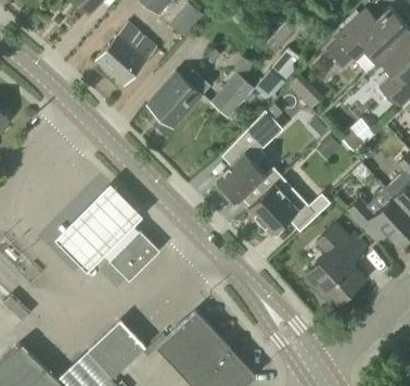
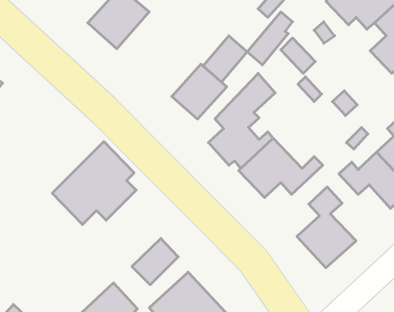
building: [146,72,202,127] -> [172,64,227,119]
building: [111,233,157,279] -> [132,238,178,285]

